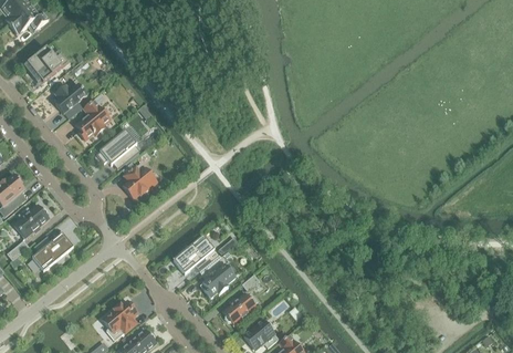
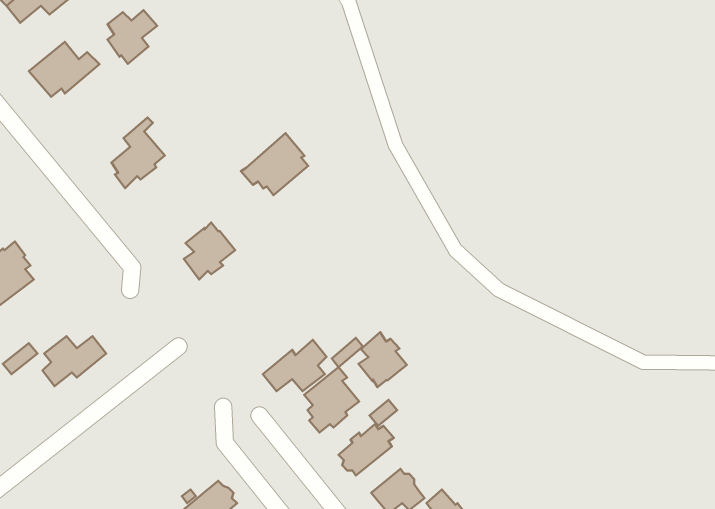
building: [55,84,87,118] -> [107,10,157,64]
building: [96,129,139,169] -> [241,133,308,195]
building: [13,205,50,238] -> none
building: none -> [358,332,407,387]
building: [103,301,137,341] -> none

